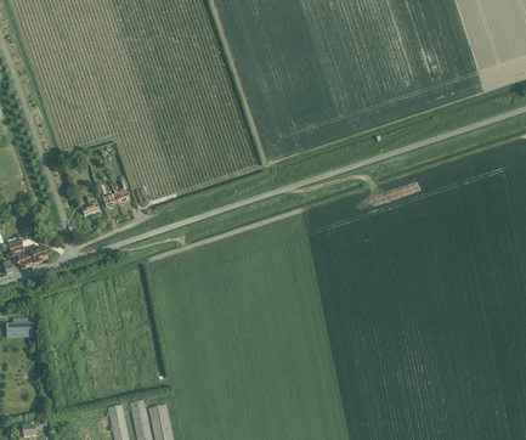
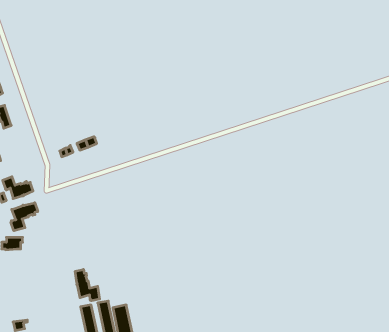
building: none -> [11,203,38,231]
building: none -> [75,269,100,301]

